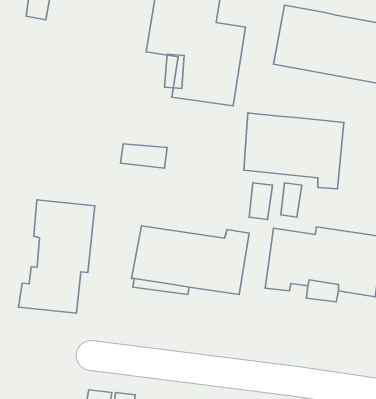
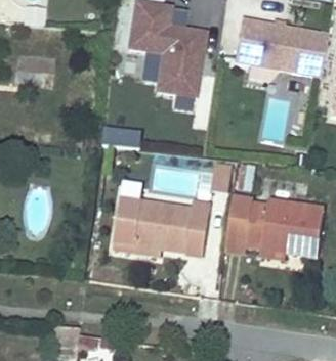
building: [244,113,344,189] -> none
building: [19,200,95,313] -> none

